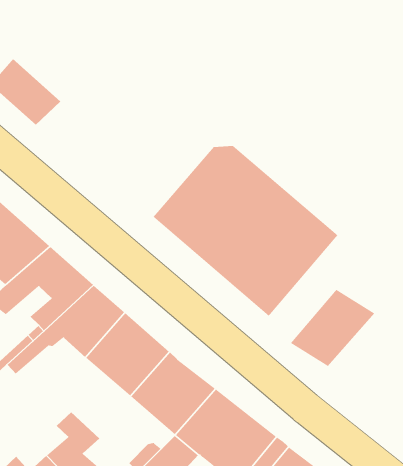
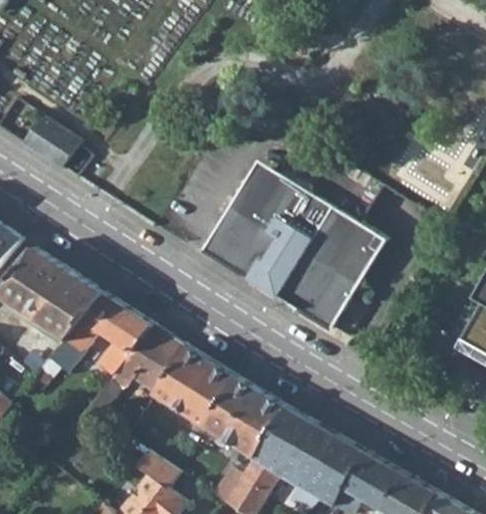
building: [290,289,375,367] -> none

